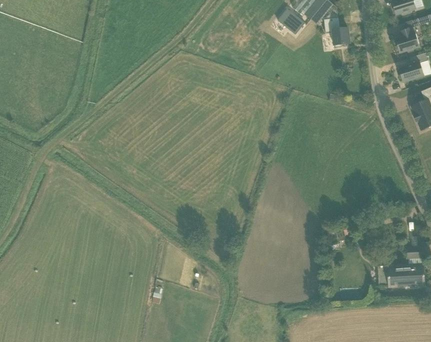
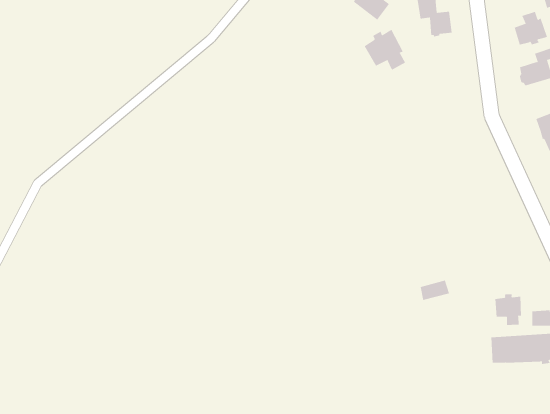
building: none -> [364,29,406,72]
building: none -> [495,294,521,326]

